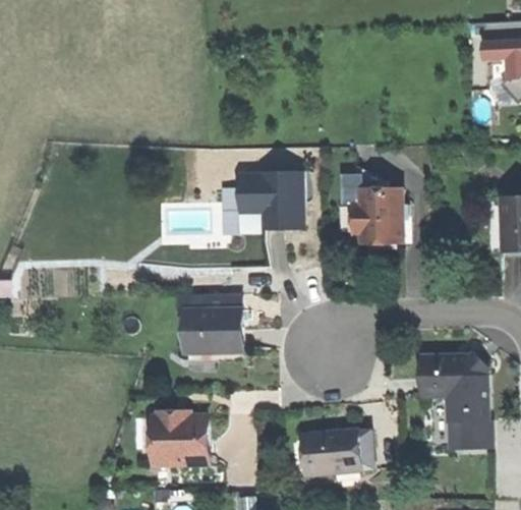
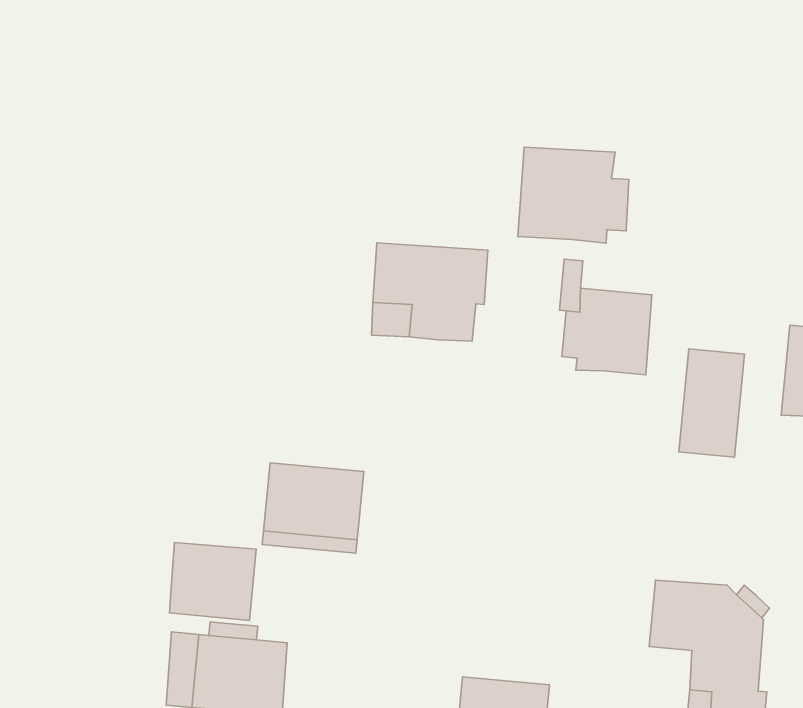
building: none -> [518,147,629,243]
building: none -> [679,349,744,457]
building: none -> [170,542,256,621]

